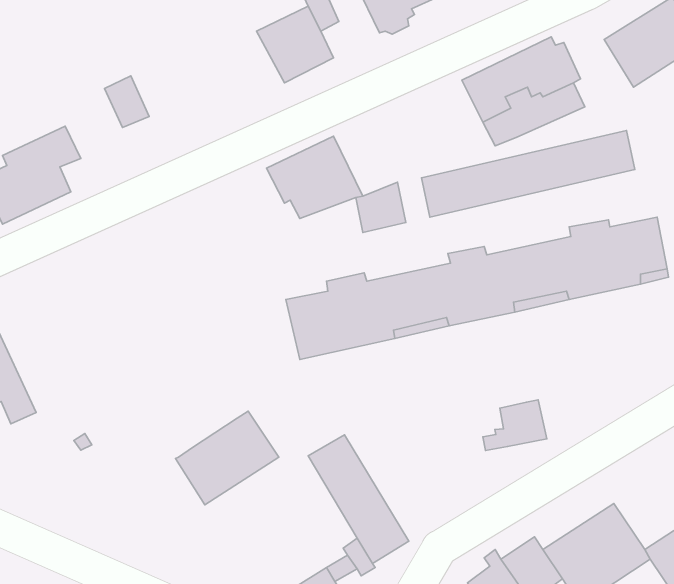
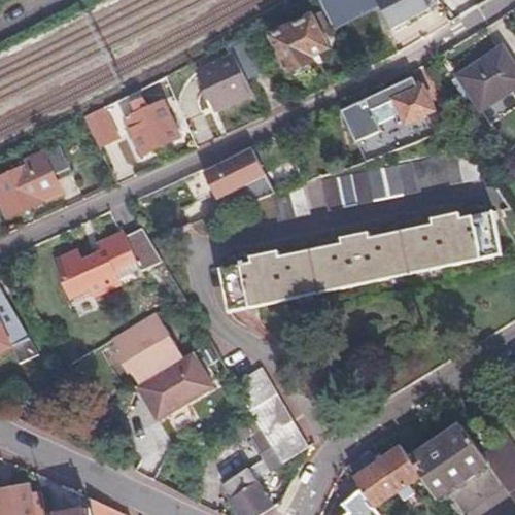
building: none -> [123,100,178,153]
building: none -> [60,229,158,305]
building: none -> [110,313,181,385]
building: [483,400,547,451] -> none

